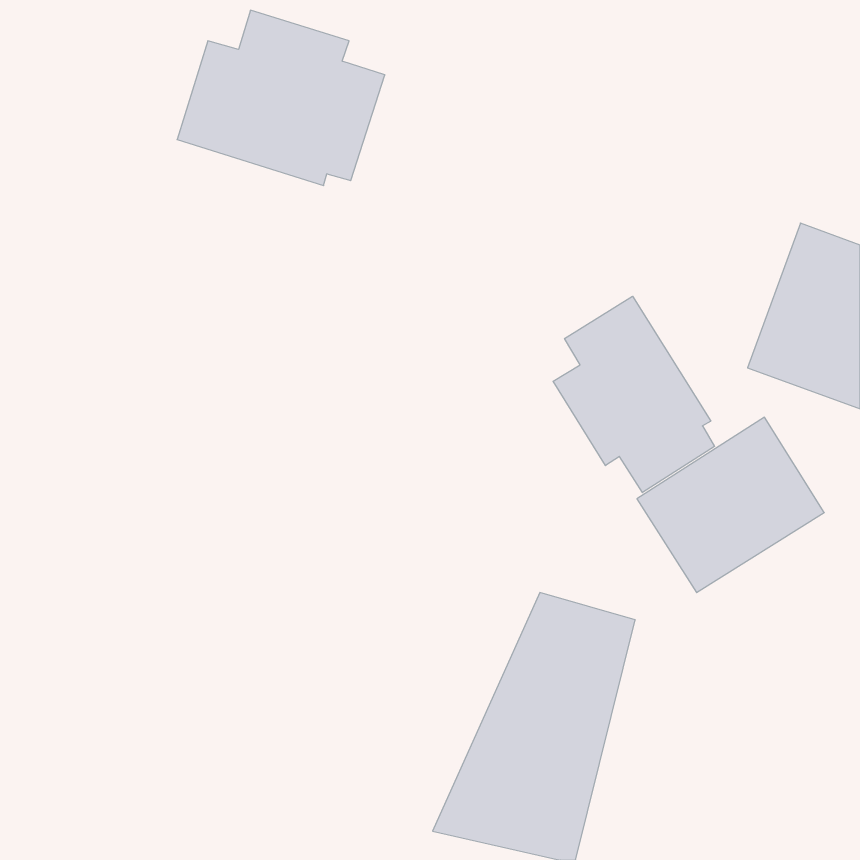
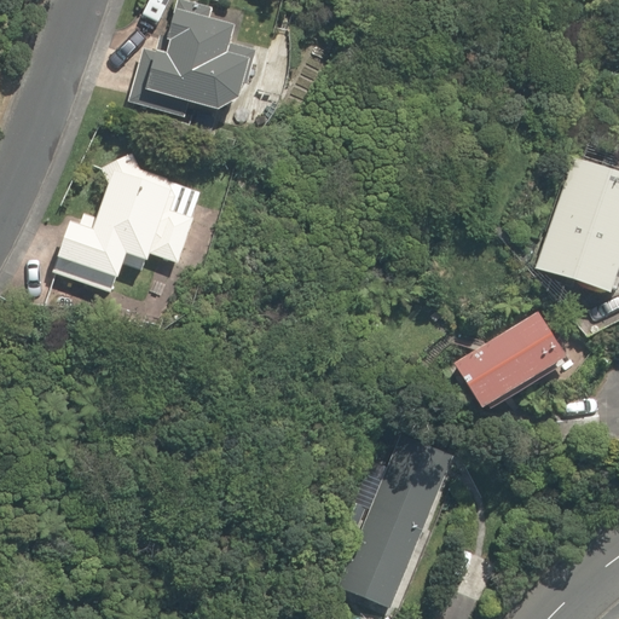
building: none -> [54,147,210,301]
building: [553,296,715,493] -> none

